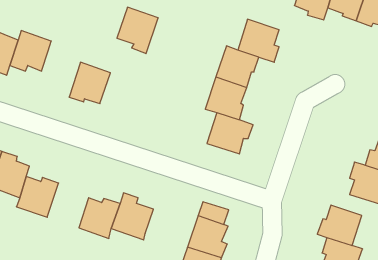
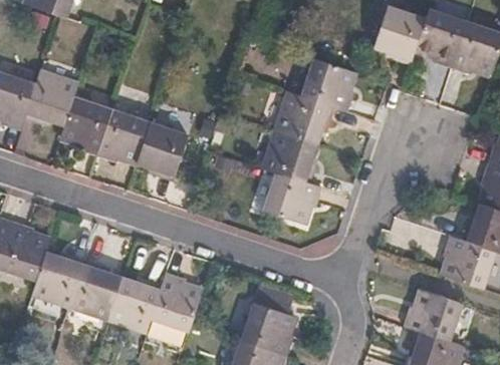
building: [117,7,158,54] -> [136,126,187,184]
building: none -> [59,99,111,156]
building: none -> [70,263,121,318]

